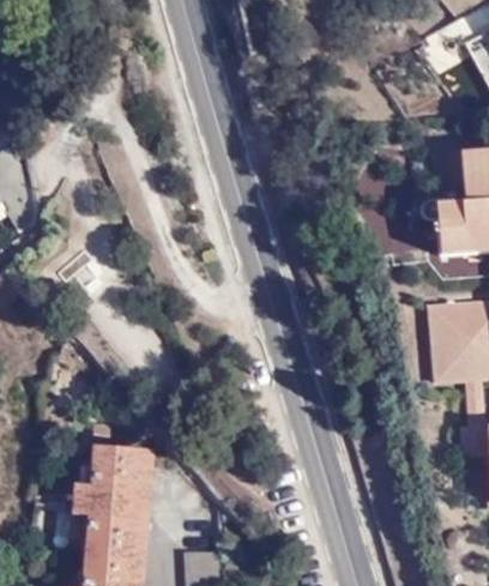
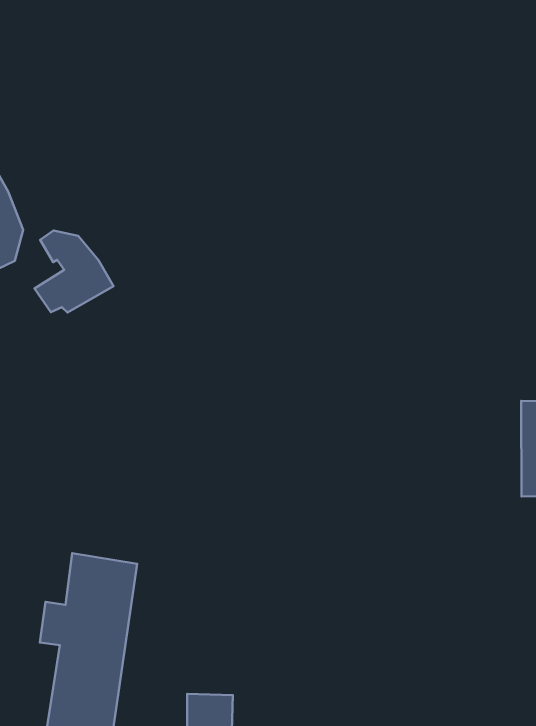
building: none -> [35,230,114,313]

